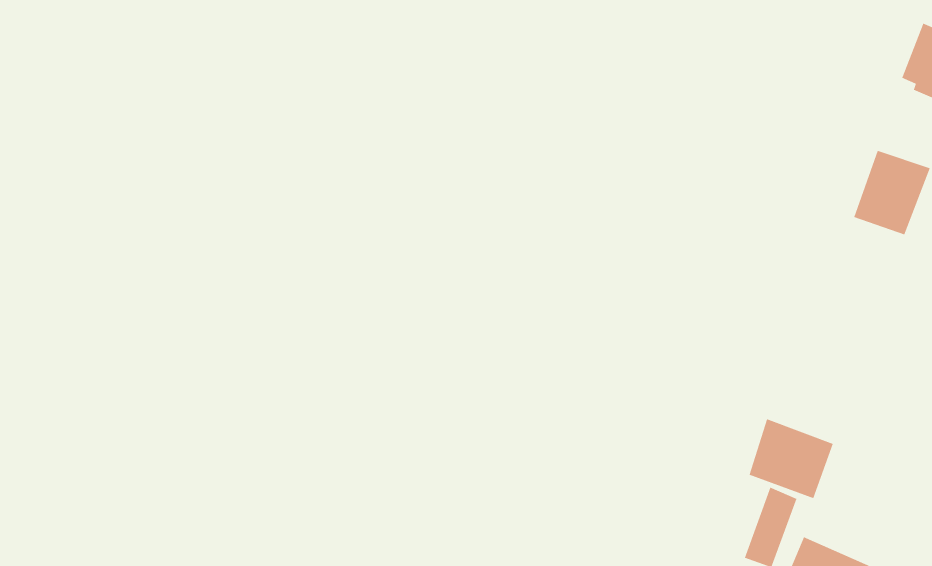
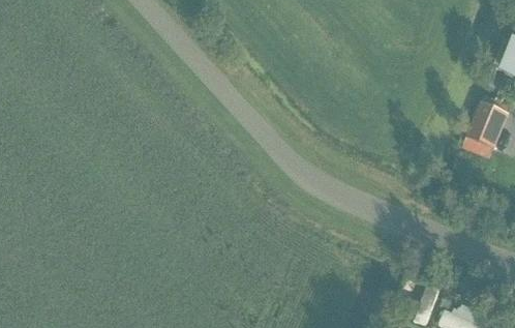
building: [748,418,834,499] -> none

